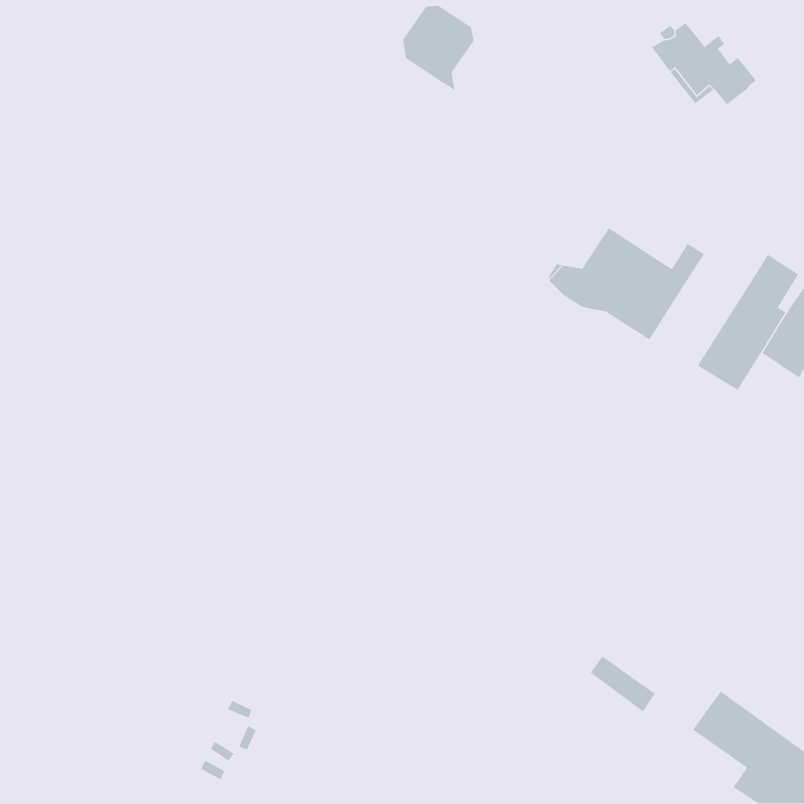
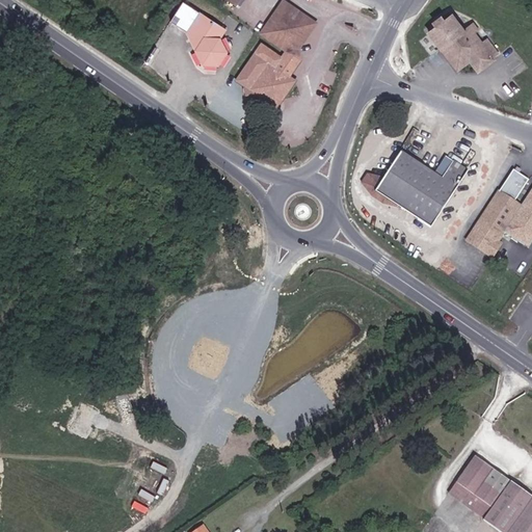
building: none -> [184,14,223,68]
building: none -> [237,51,301,102]
building: [590,656,656,712] -> [449,481,493,518]

